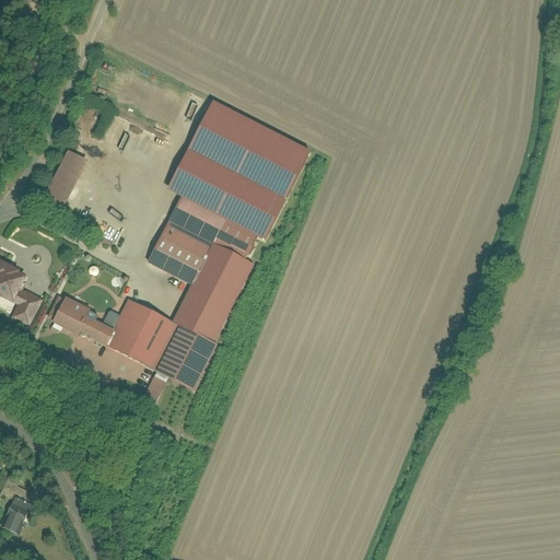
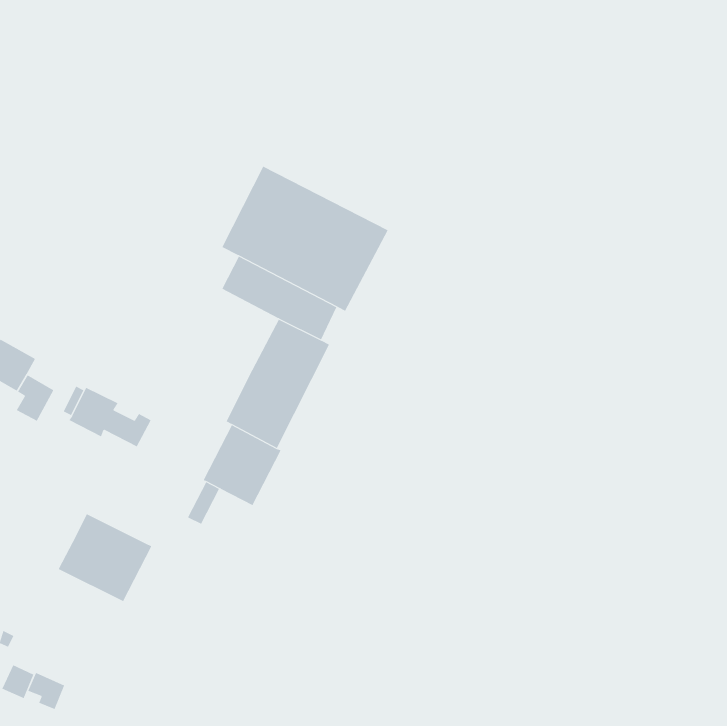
building: [201,102,311,176] -> none
building: [44,149,88,207] -> none
building: [149,221,213,283] -> none
building: [105,300,177,368] -> [58,513,152,602]
building: none -> [27,672,65,710]

